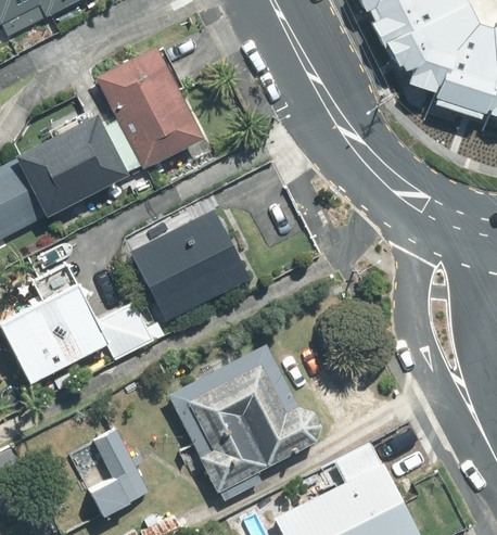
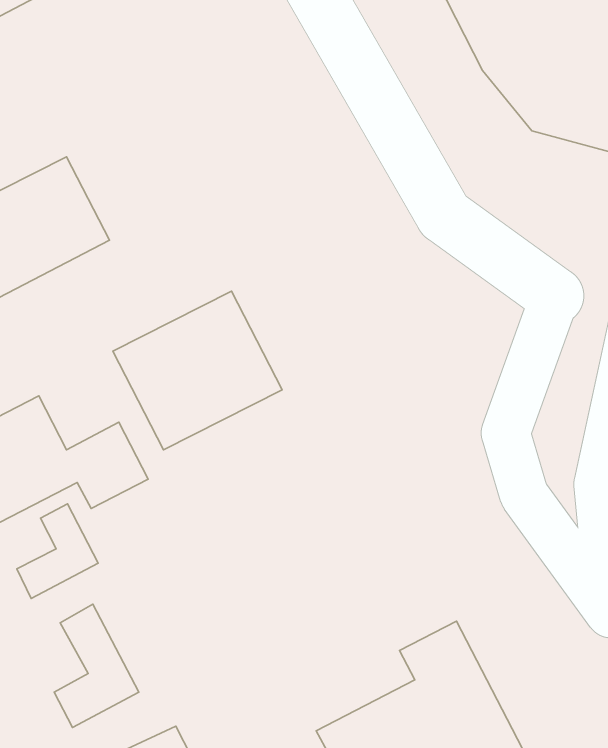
building: [95,46,204,167] -> none
building: [167,344,320,501] -> none
building: none -> [17,504,98,598]

